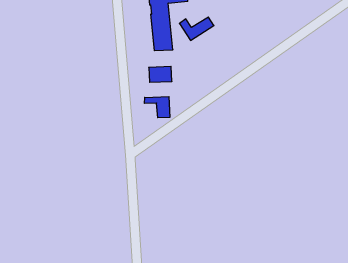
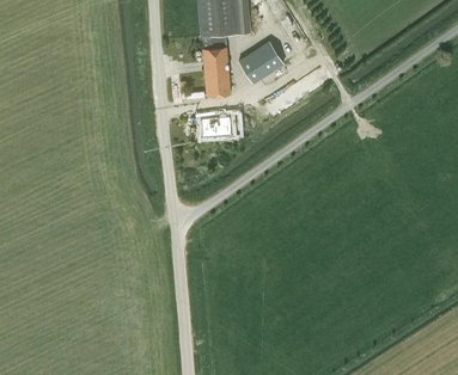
building: [145,97,170,118] -> none

